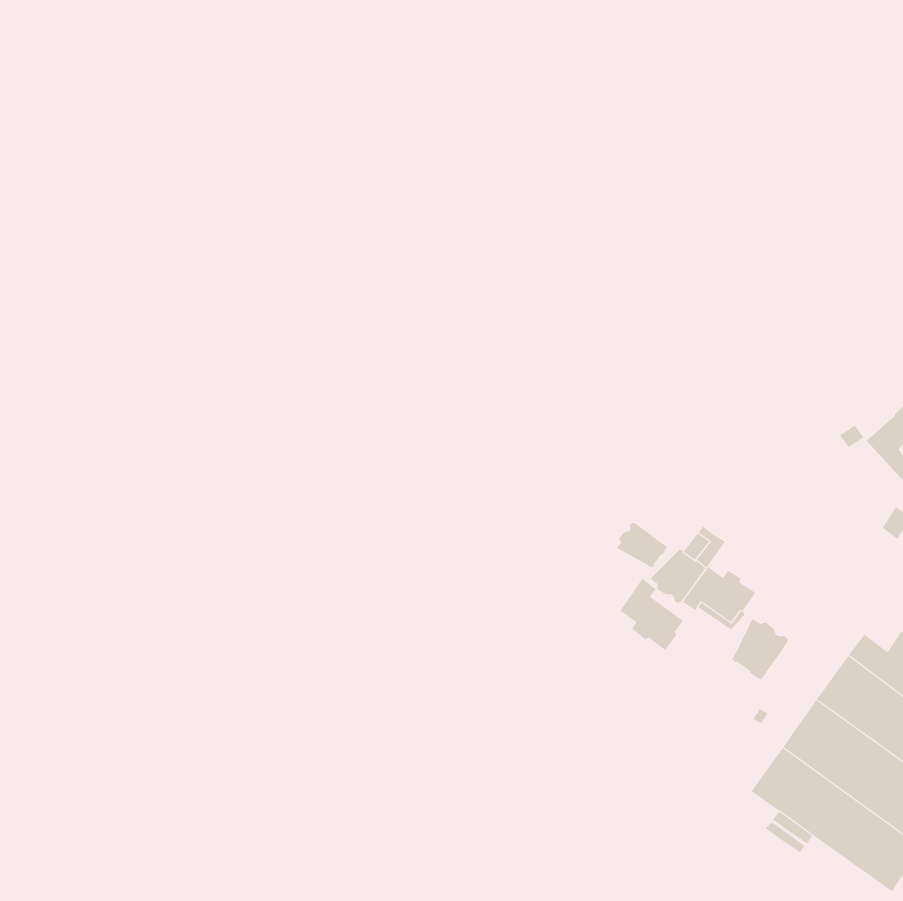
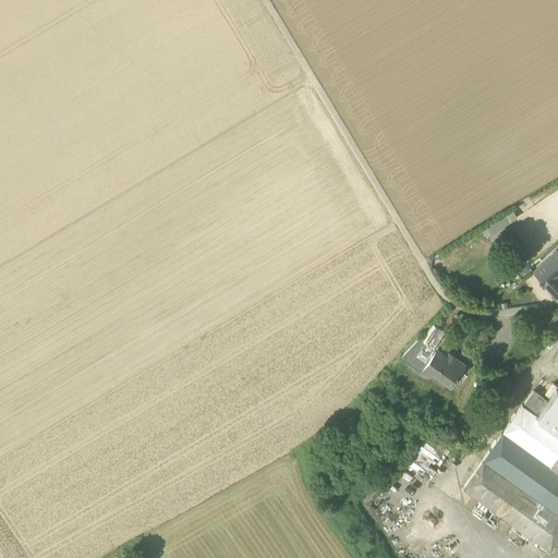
building: [616,522,668,568] -> none
building: [620,578,683,651] -> none
building: [732,618,788,680] -> none

